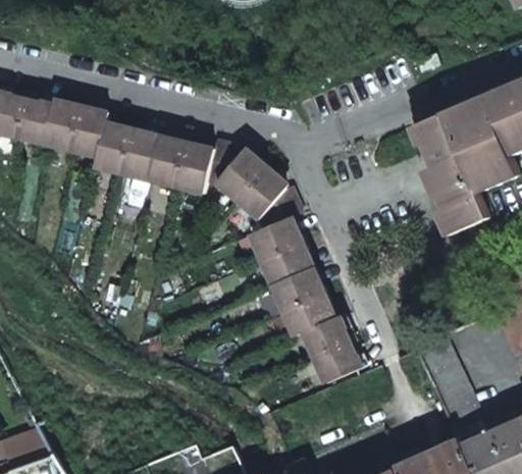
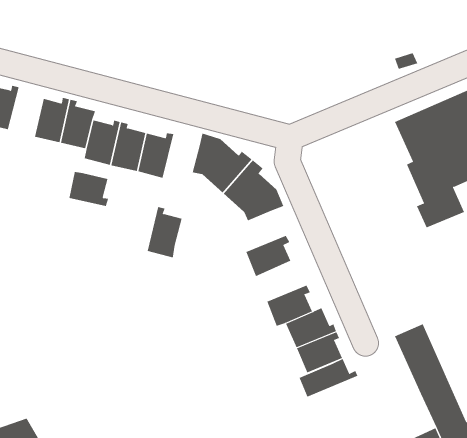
building: [17,91,53,142] -> none
building: [176,139,213,192] -> [147,207,182,258]
building: none -> [69,171,109,207]
building: [251,218,303,260] -> none
building: [271,269,324,311] -> none
building: none -> [299,358,358,397]

